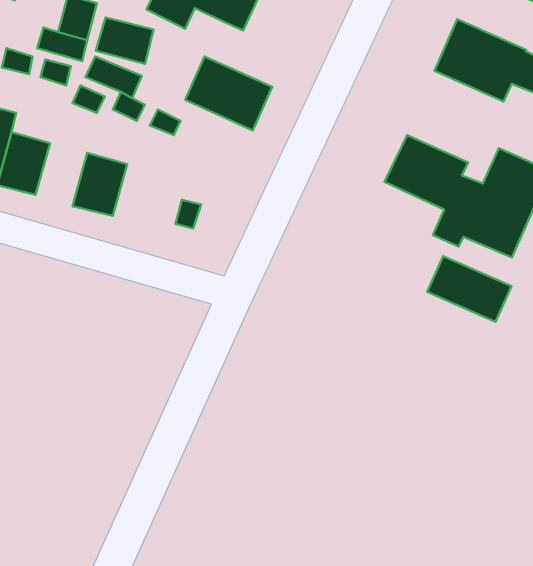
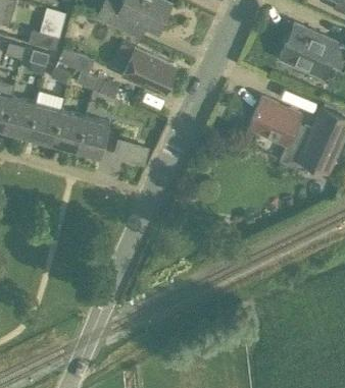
building: [96,17,154,64] -> none
building: none -> [27,104,59,144]
building: none -> [76,117,109,157]
building: [427,256,511,322] -> none

